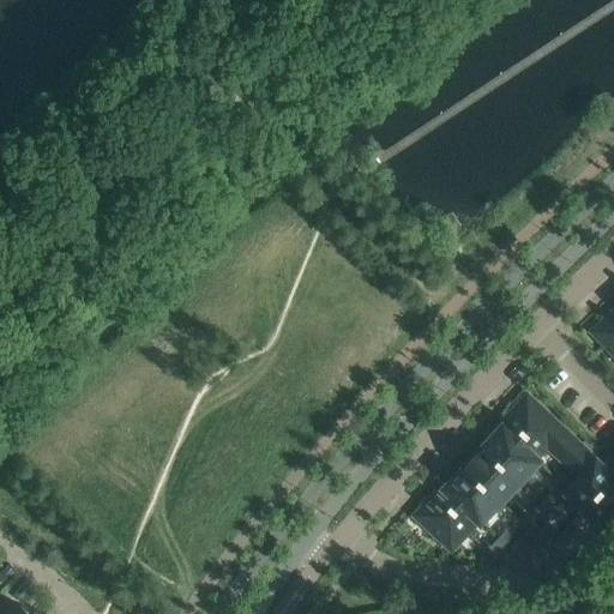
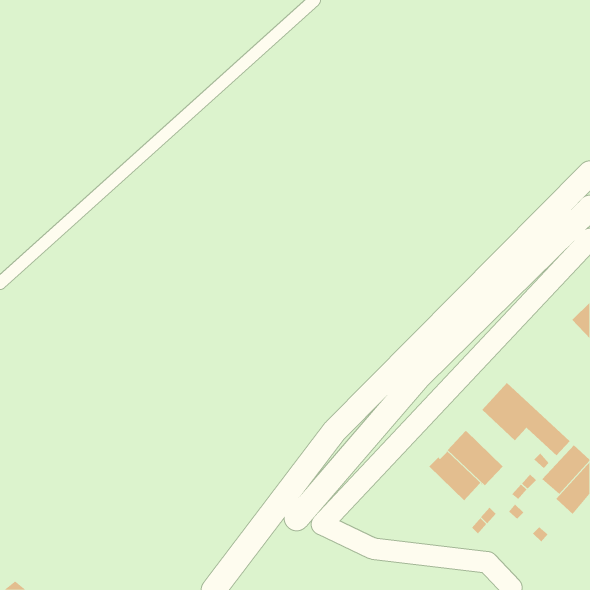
building: [484,426,542,484] -> none
building: [416,484,482,548] -> none

